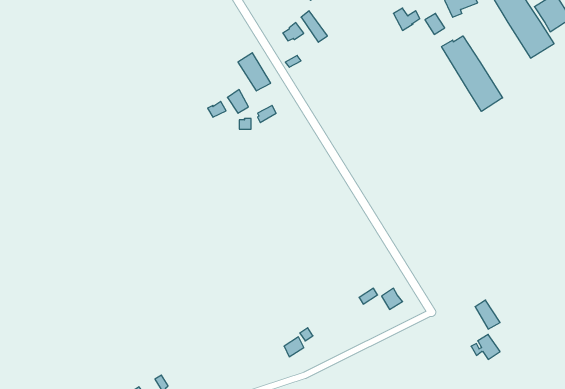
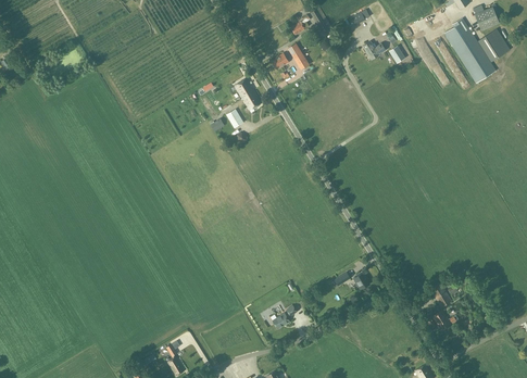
building: [442,36,503,111] -> none

